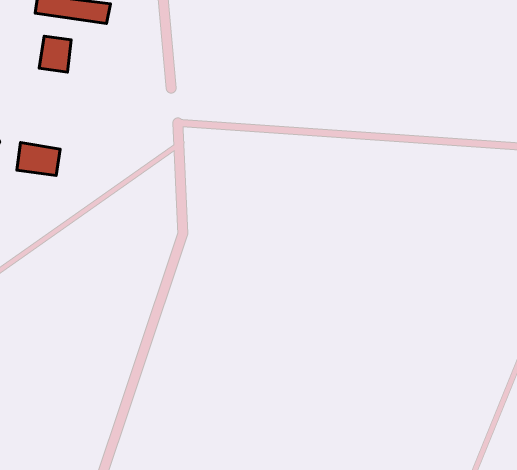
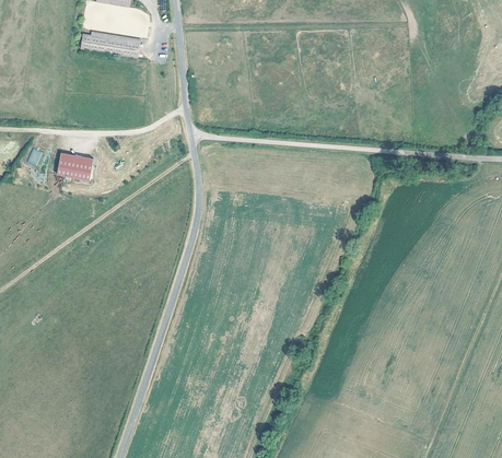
building: [39,36,71,72] -> none

